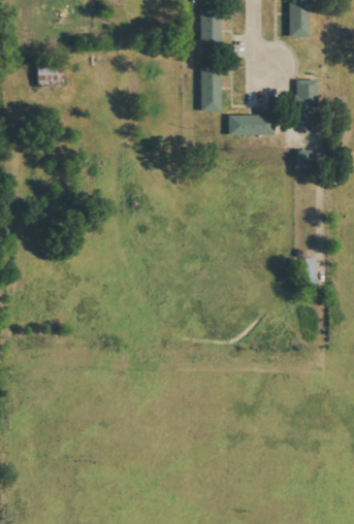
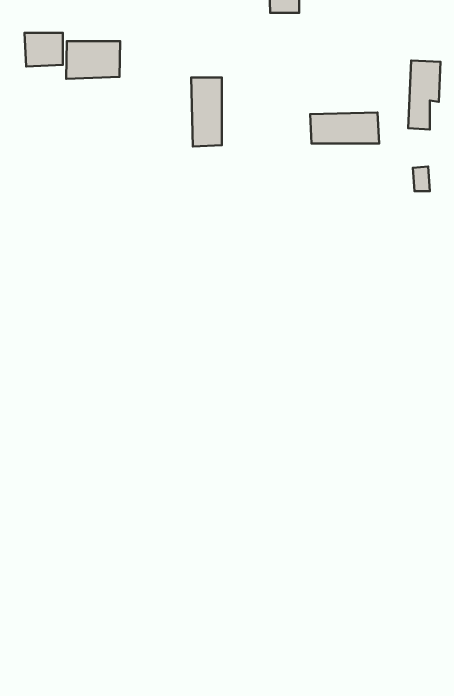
building: [200,65,221,111] -> [191,77,222,147]
building: none -> [66,41,120,79]

